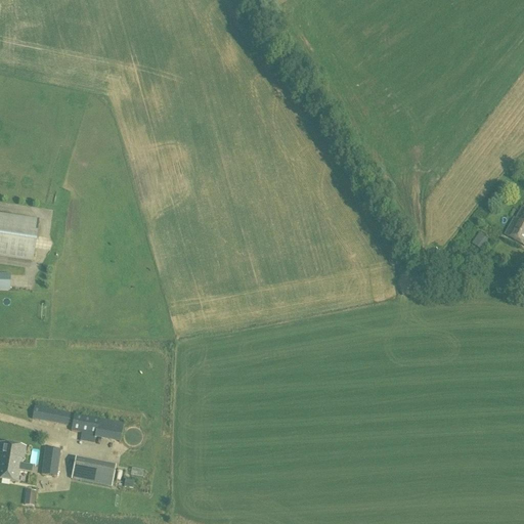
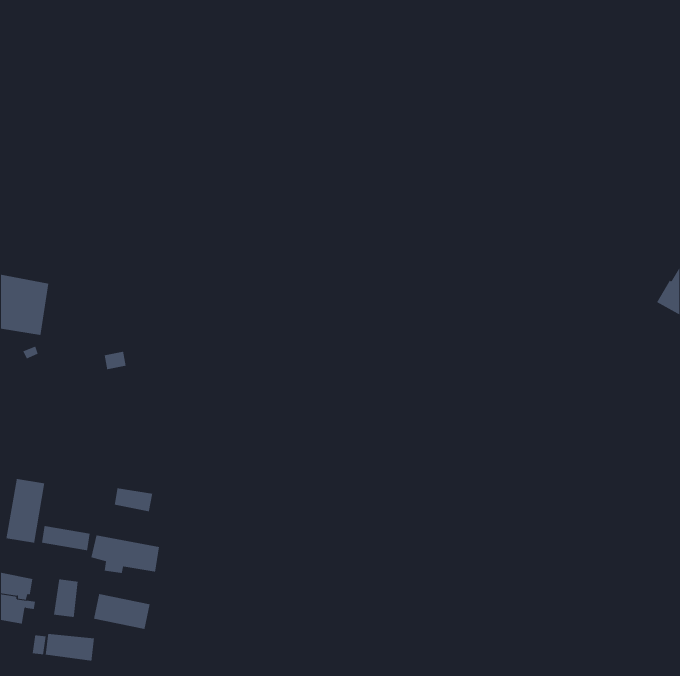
building: none -> [6,478,45,544]
building: none -> [114,487,153,512]
building: none -> [45,633,95,661]

